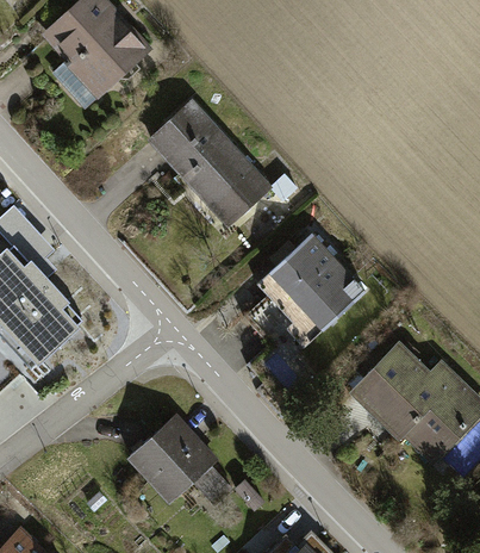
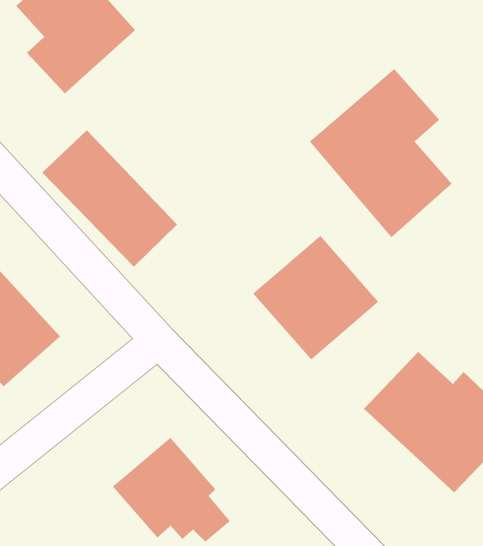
building: none -> [309,68,453,238]
building: [148,102,269,225] -> [41,130,178,267]

